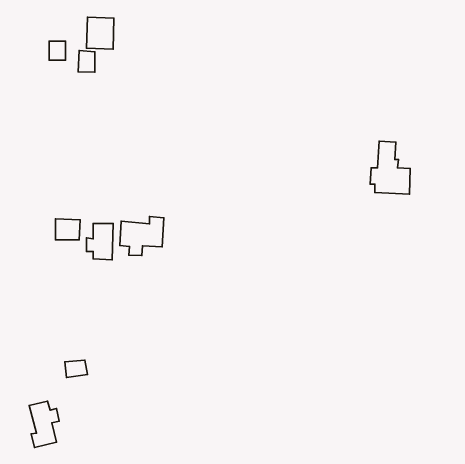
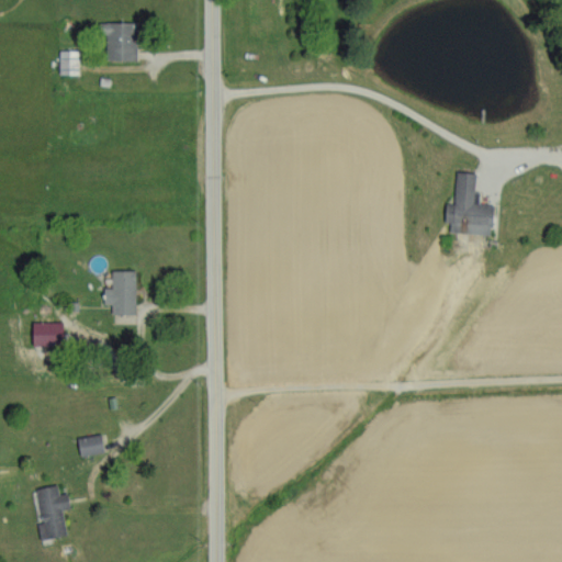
building: [78,50,95,72] -> none
building: [120,217,164,255] -> none
building: [55,219,80,240] -> [34,322,64,347]

